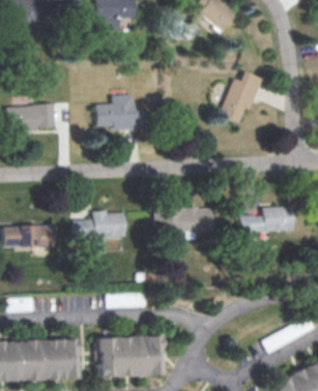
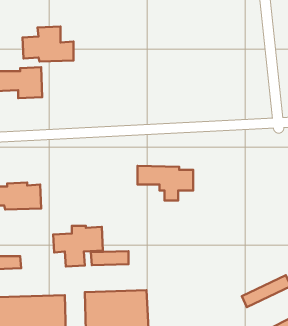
building: [218,71,261,124] -> none
building: [94,94,147,130] -> [23,27,73,61]
building: [238,207,293,231] -> none
building: [71,211,123,253] -> [53,226,103,266]

